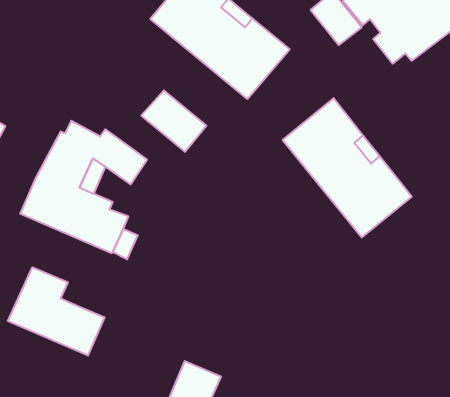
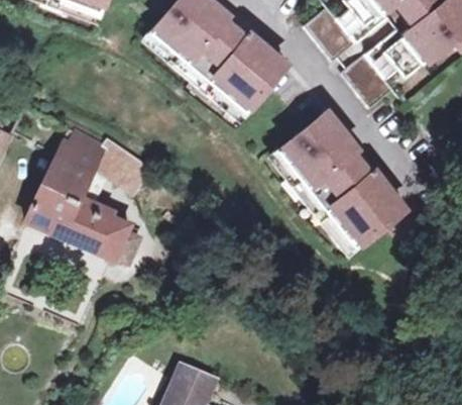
building: none -> [344,52,393,105]
building: [141,90,206,152] -> none
building: [8,267,104,356] -> none

